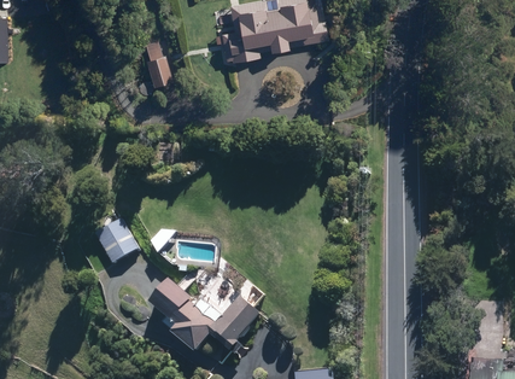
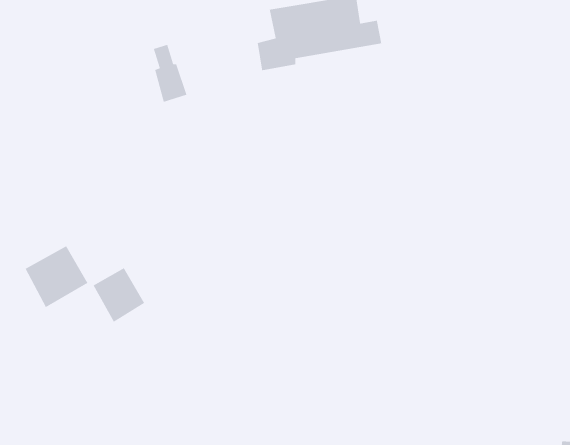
building: none -> [25,245,88,308]
building: [150,278,261,351] -> none

